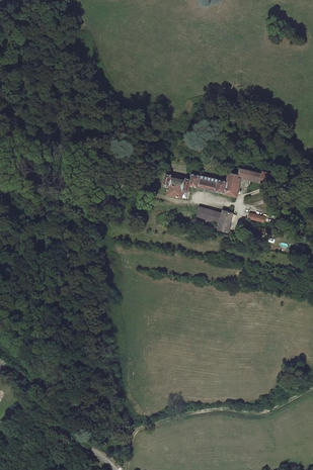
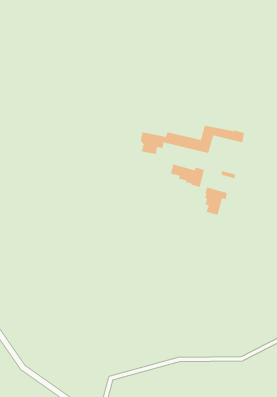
building: none -> [204,186,228,216]

